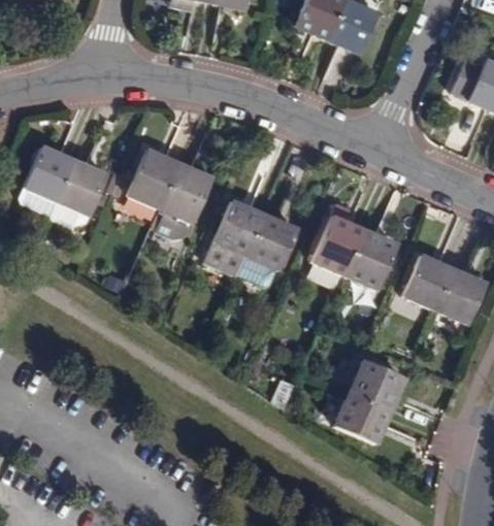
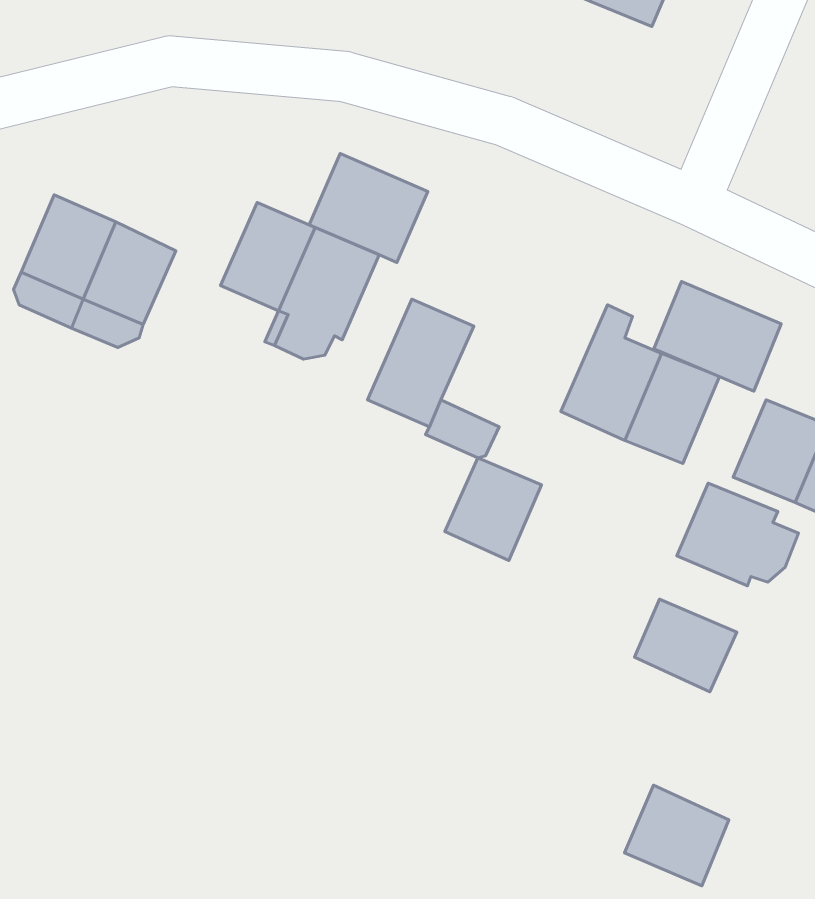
building: none -> [309,153,428,263]
building: none -> [654,282,781,391]
building: [248,213,299,268] -> [445,458,542,560]
building: none -> [677,483,799,586]
building: [335,390,391,443] -> [625,785,729,886]

